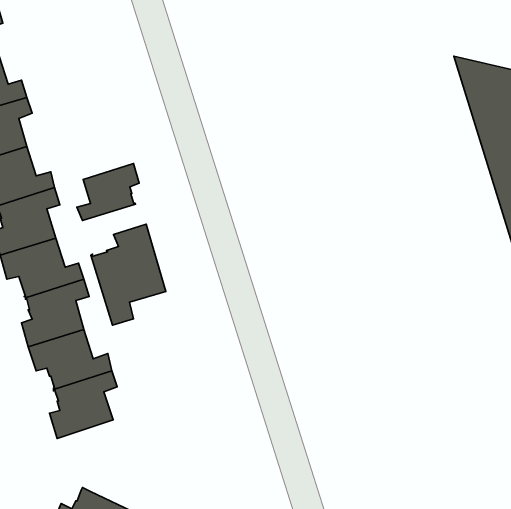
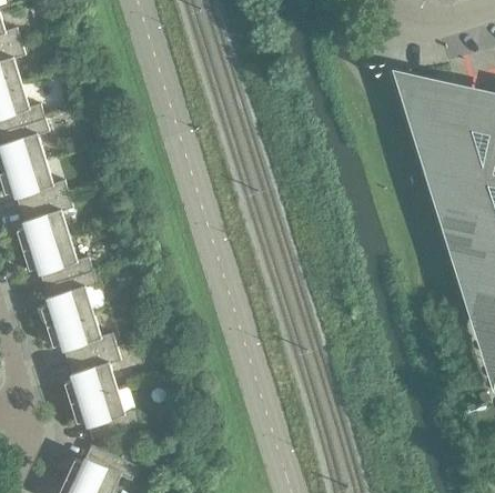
building: [77,163,139,221] -> none
building: [91,224,166,325] -> none
building: none -> [69,388,139,439]

